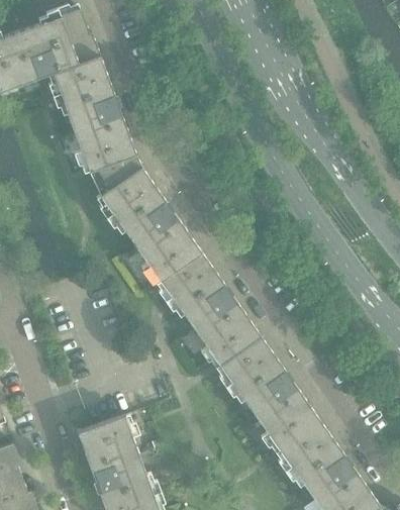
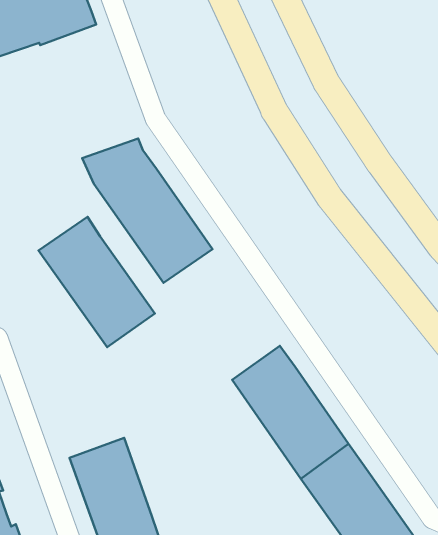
building: [52,58,136,174] -> none
building: [159,252,260,366] -> [39,217,155,347]

